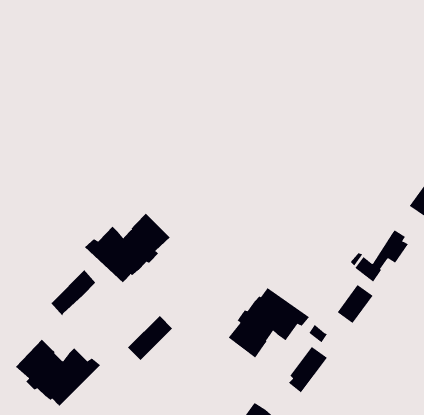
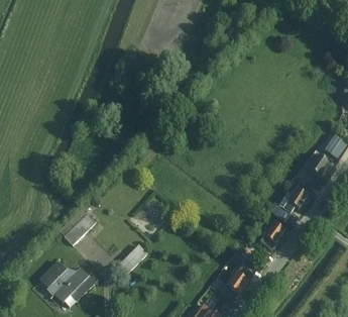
building: [84,213,170,283] -> none
building: [228,287,310,358] -> none

